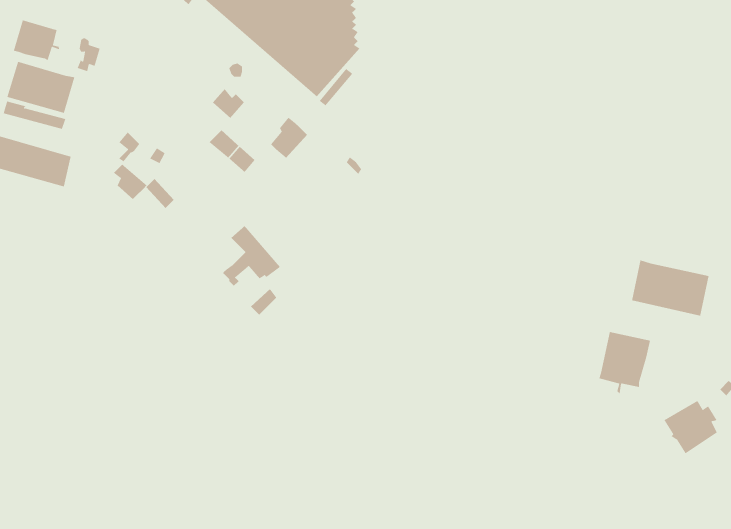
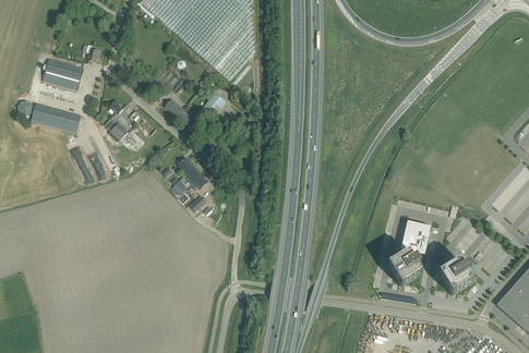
building: [13,20,60,61] -> none
building: [632,260,709,317] -> none
building: none -> [389,252,422,285]

